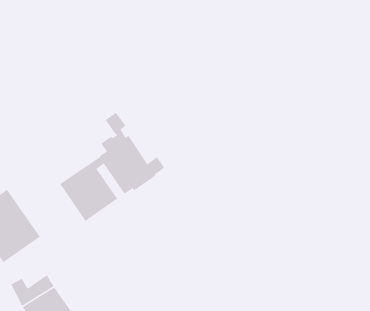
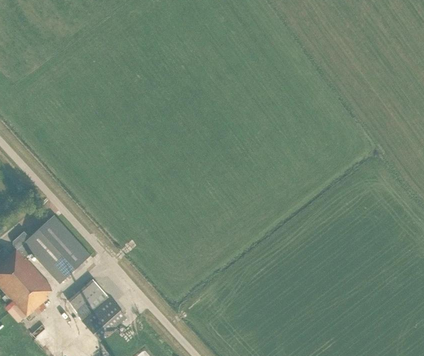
building: [59,112,165,222] -> none

